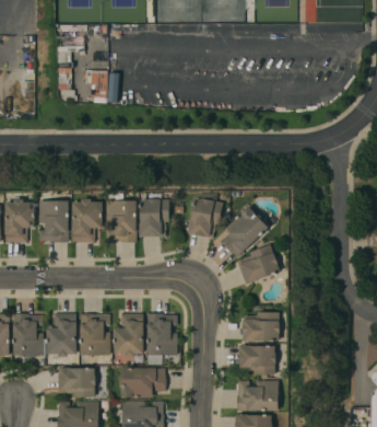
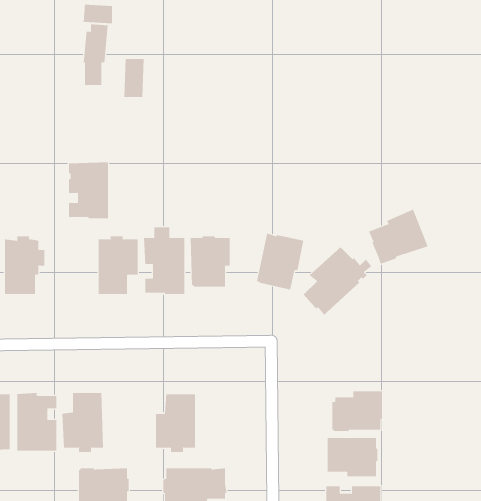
building: [38,200,68,242] -> [68,162,109,219]
building: [236,244,280,285] -> [368,209,429,265]
building: [146,313,177,356] -> none
building: [80,314,110,355] -> none

